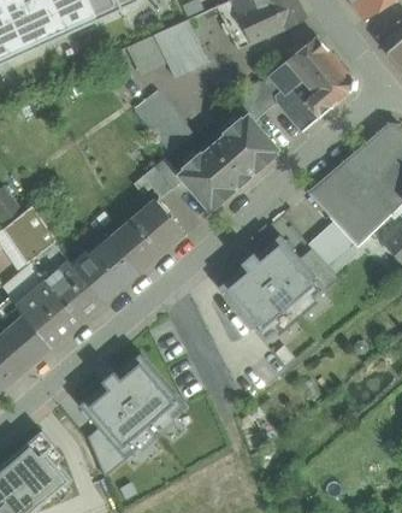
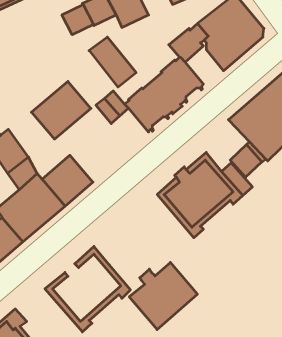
building: none -> [62,5,93,35]
building: [110,200,184,272] -> [31,81,91,139]
building: [88,362,173,447] -> [129,262,197,330]

